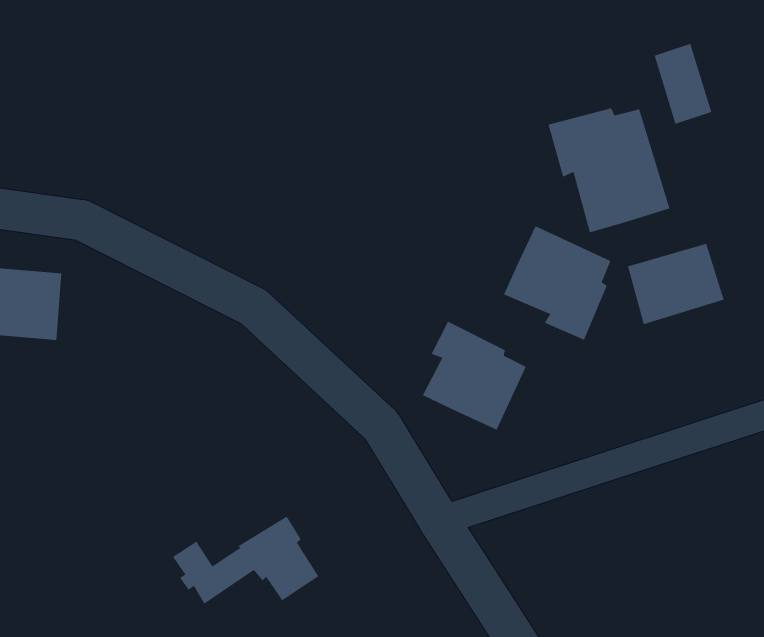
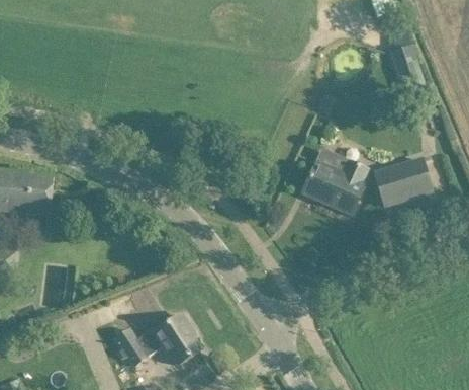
building: [548,108,670,233] -> none
building: [422,321,527,430] -> none

